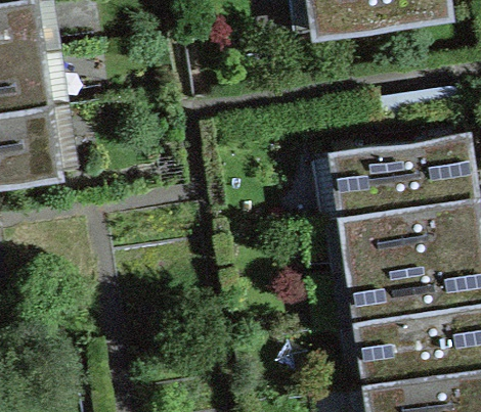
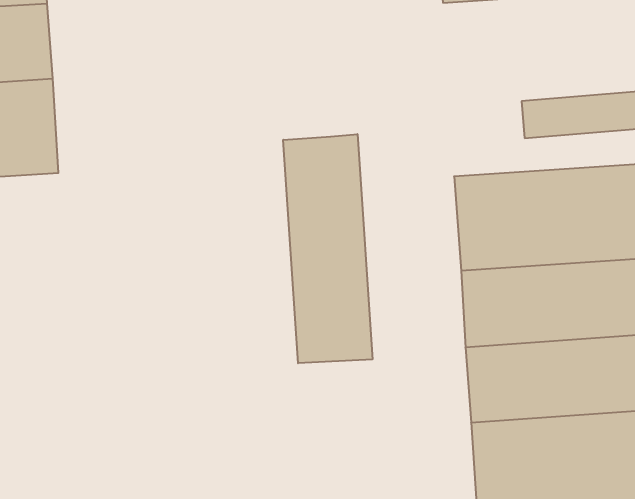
building: none -> [283,134,372,363]

